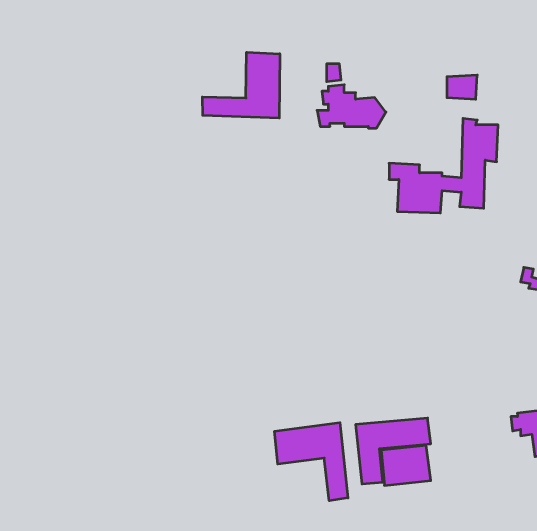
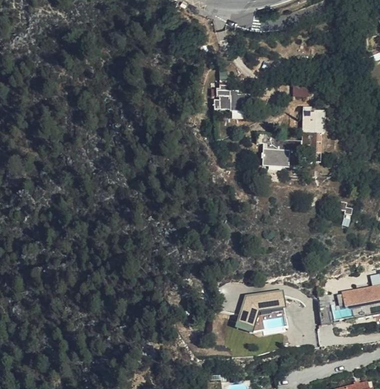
building: [202,52,280,118] -> none
building: [275,423,348,501] -> none

